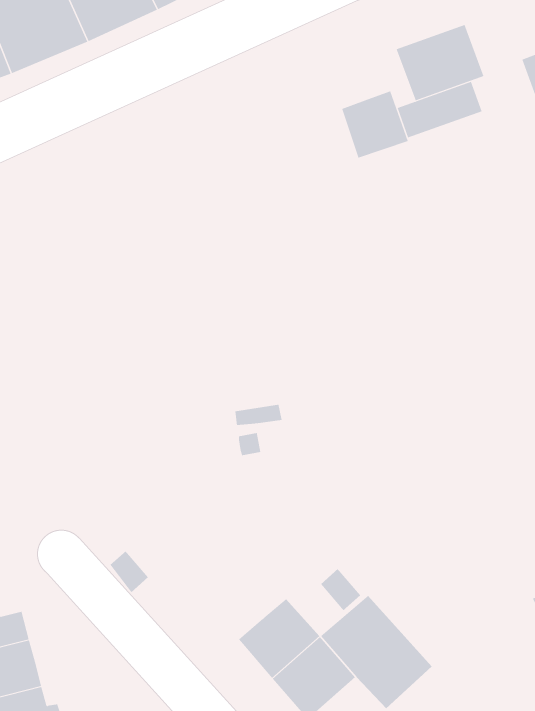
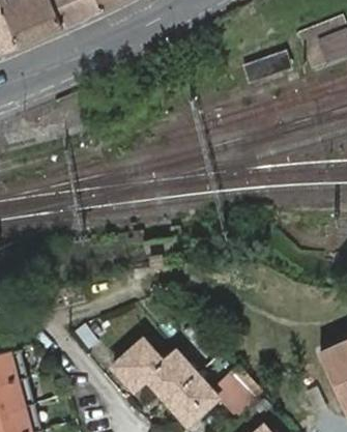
building: [396,24,484,101] -> none
building: [341,91,409,158] -> none
building: none -> [114,340,163,387]

